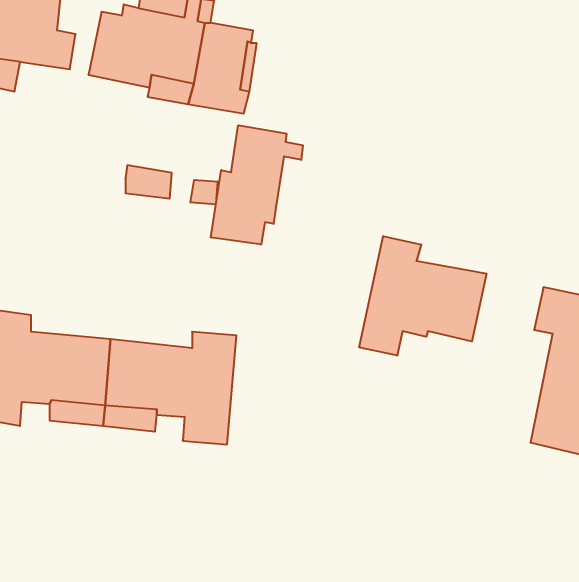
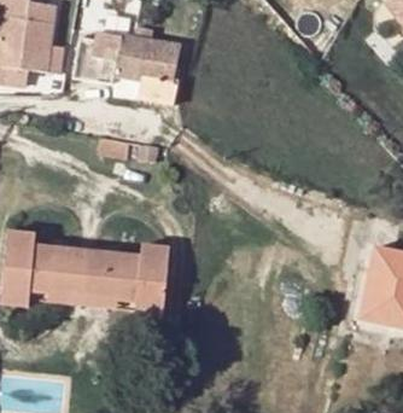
building: [211,125,303,245] -> none
building: [359,236,487,356] -> none

